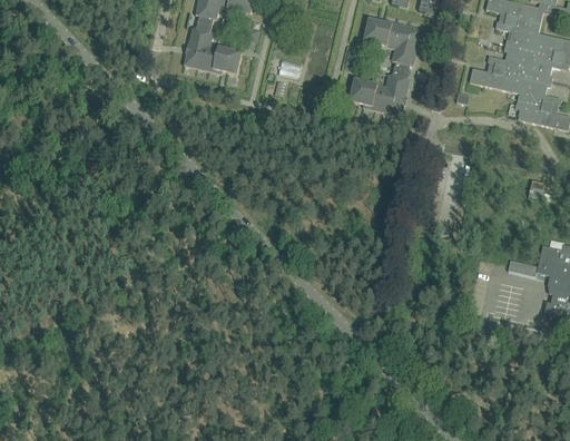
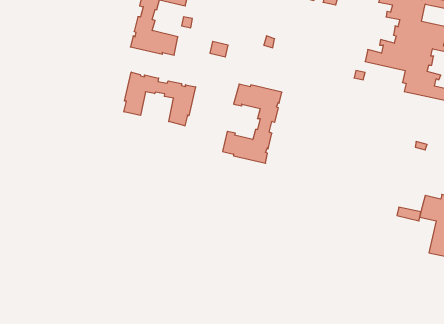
building: [350,19,422,116] -> [223,84,282,163]
building: none -> [124,72,196,126]

